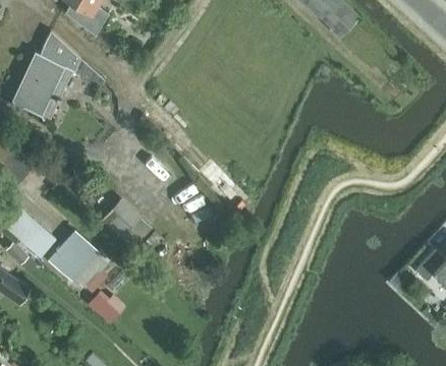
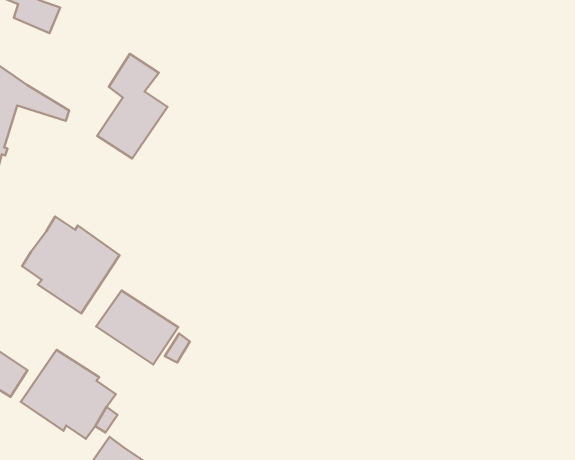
building: none -> [97,54,167,159]
building: none -> [22,216,120,314]

